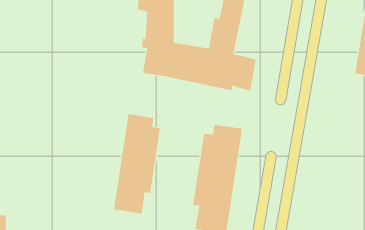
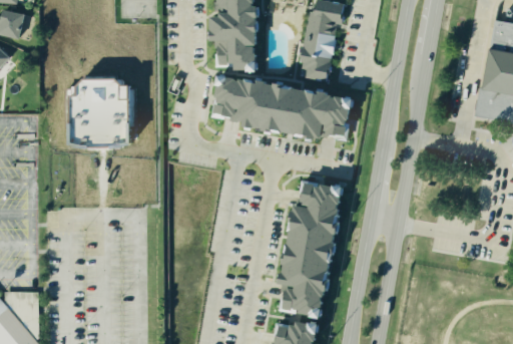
building: none -> [74,82,135,148]
building: [113,113,160,214] -> none

